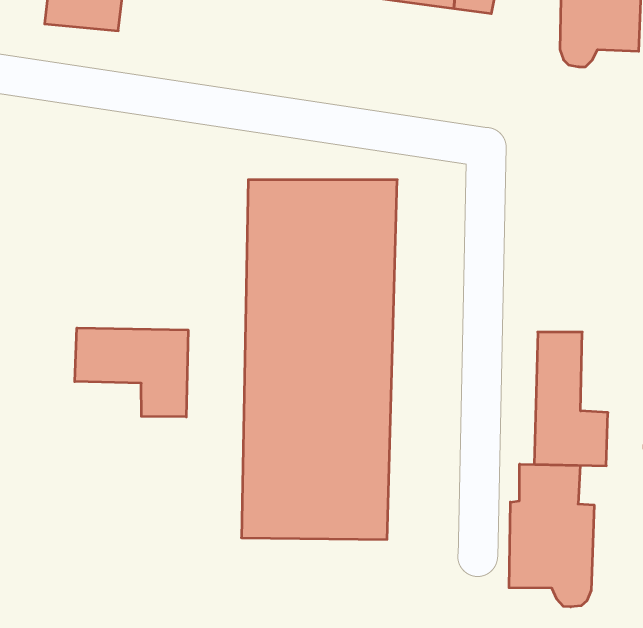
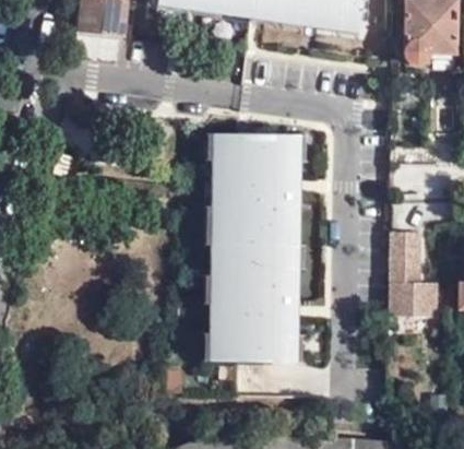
building: [75,328,188,417] -> none
building: [509,464,594,607] -> none

